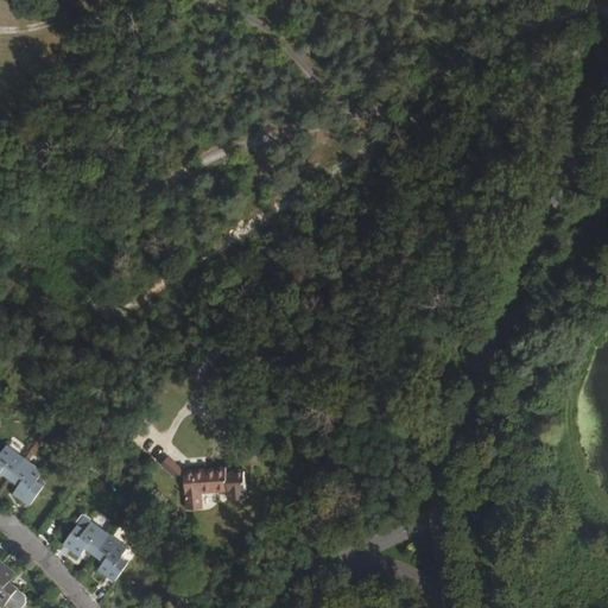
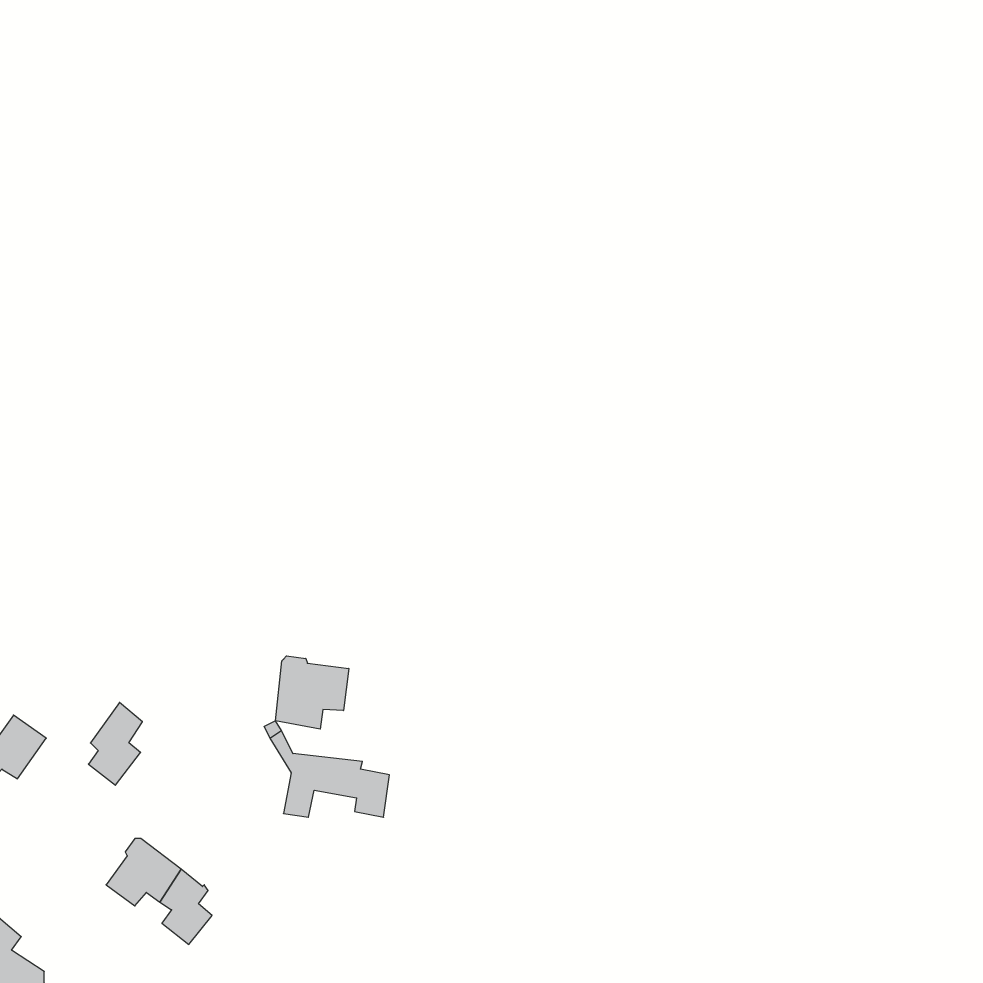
building: none -> [276,656,349,729]
building: [10,456,43,507] -> [88,702,142,785]

